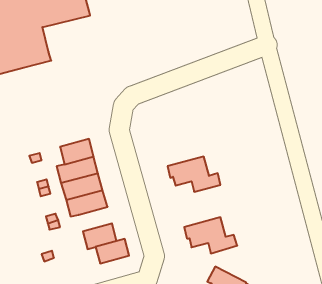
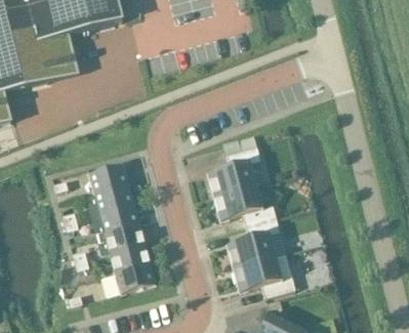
building: none -> [210,144,260,195]
building: none -> [230,216,280,265]
building: [96,239,129,263] -> [111,242,150,270]

